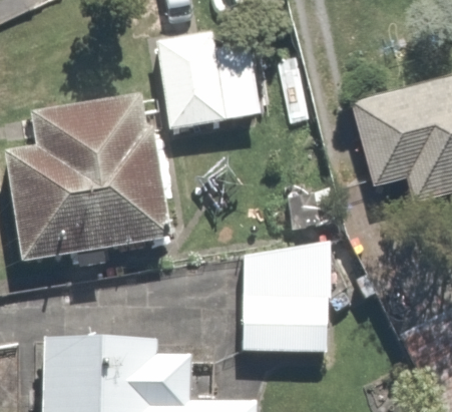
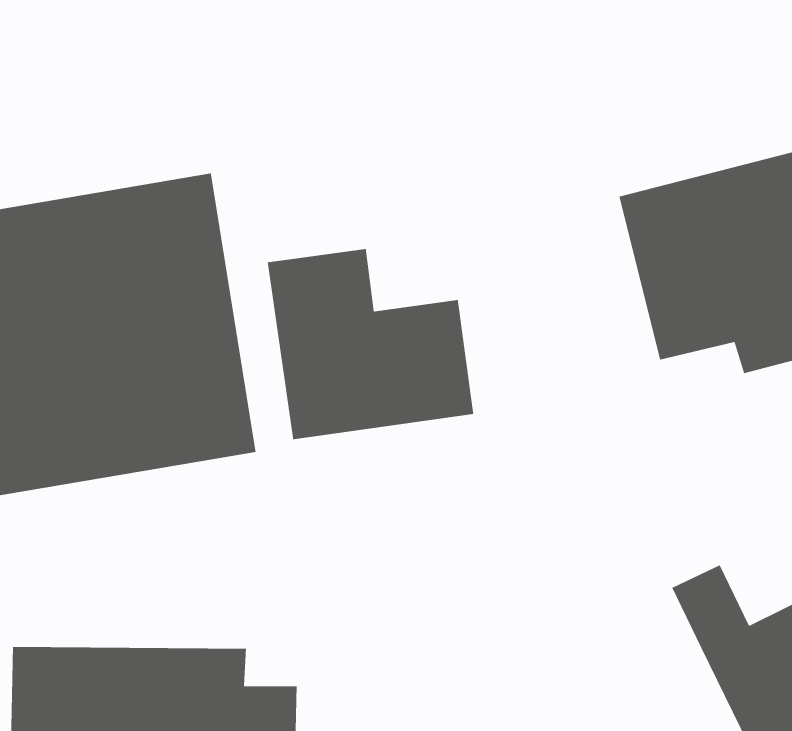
building: [157,28,264,126] -> [267,248,474,440]
building: [239,243,333,357] -> none

